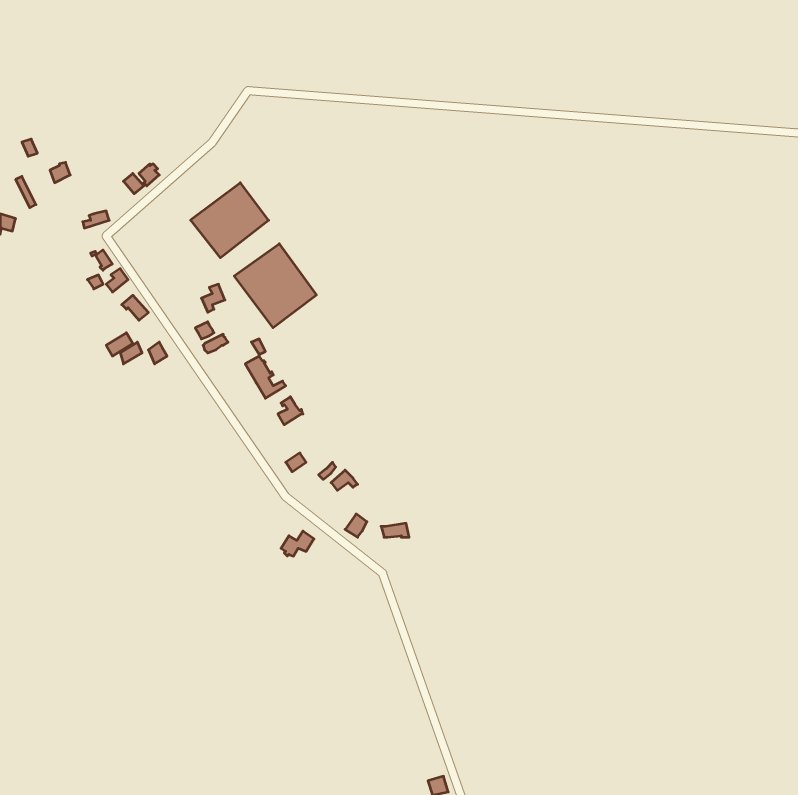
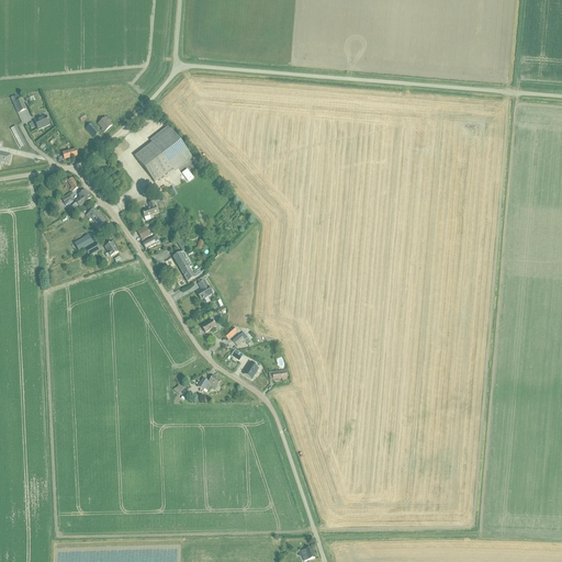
building: [234,244,316,328] -> none

